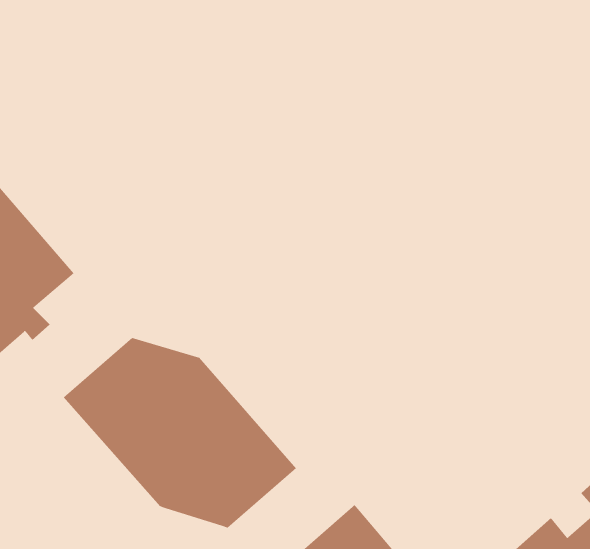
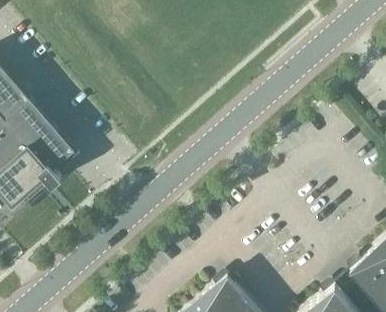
building: [63,337,297,529] -> none

